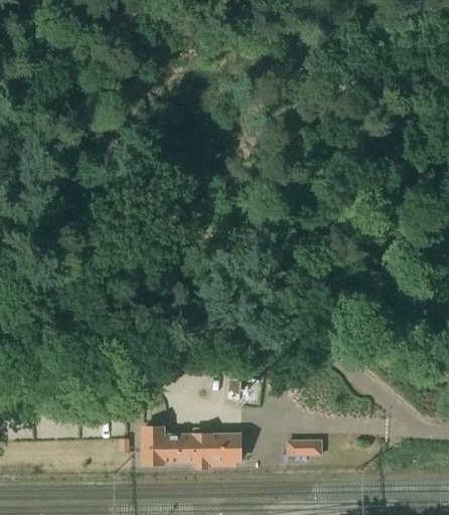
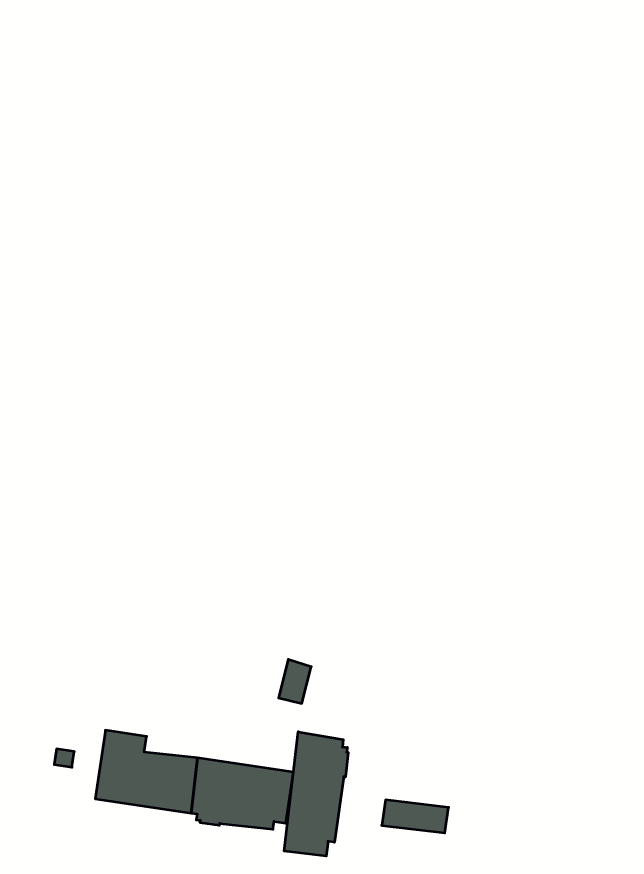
building: none -> [284,732,348,856]

